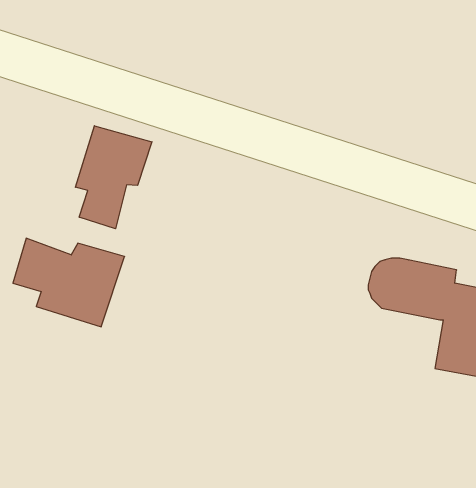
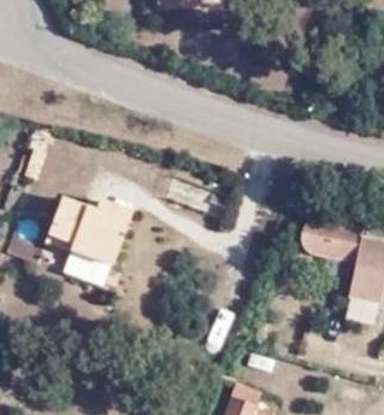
building: [75,126,152,229] -> none

